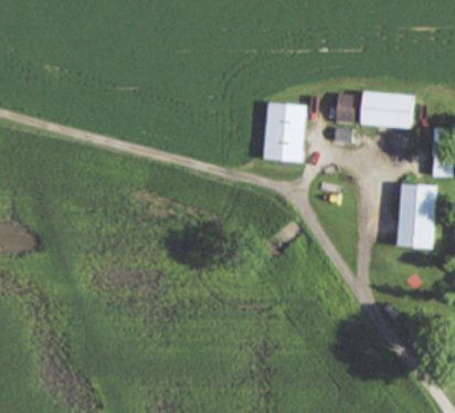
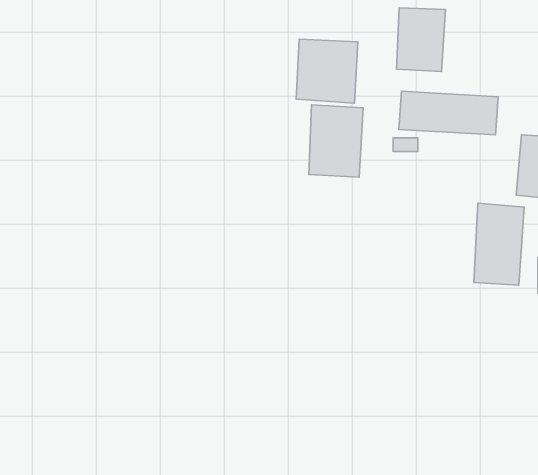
building: none -> [396,8,446,72]
building: none -> [296,39,358,103]

